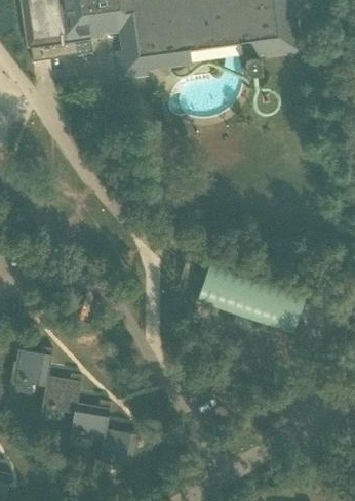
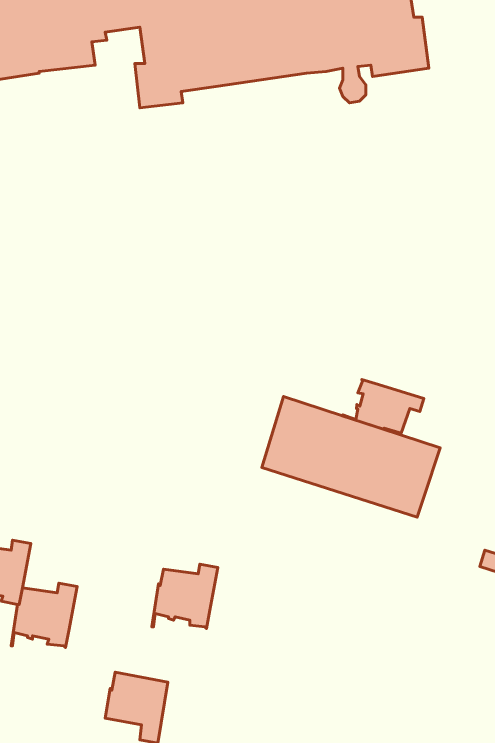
building: none -> [342,380,424,433]
building: [69,400,110,440] -> [152,564,218,628]

